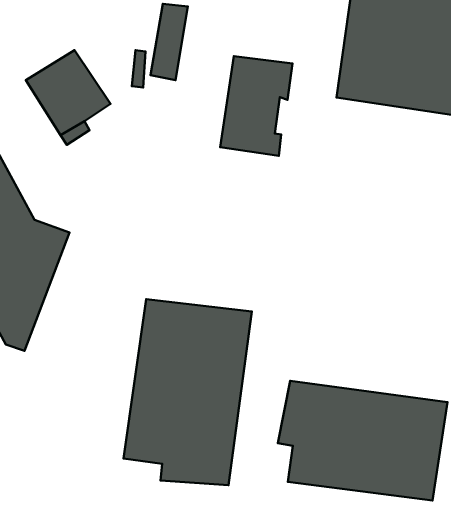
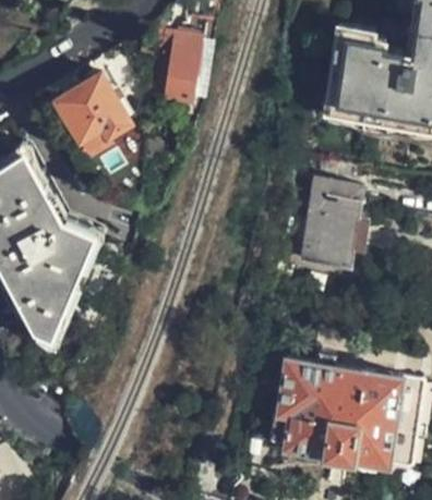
building: [220,56,292,156] -> [301,183,364,270]
building: [124,299,252,485] -> none

